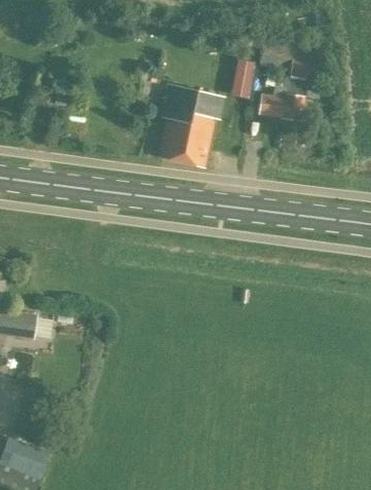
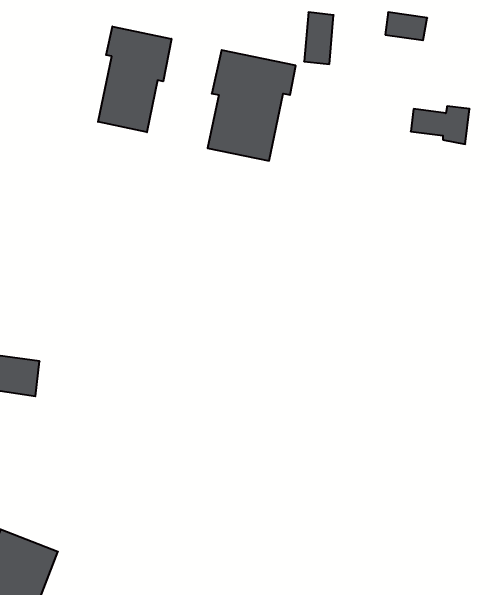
building: none -> [98,26,171,132]
building: [260,93,303,121] -> [411,106,470,144]

